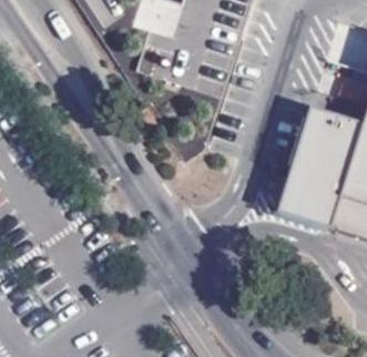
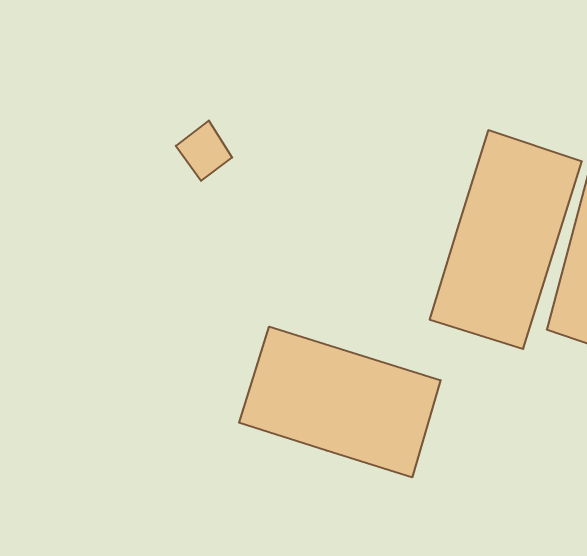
building: none -> [239,327,441,477]

